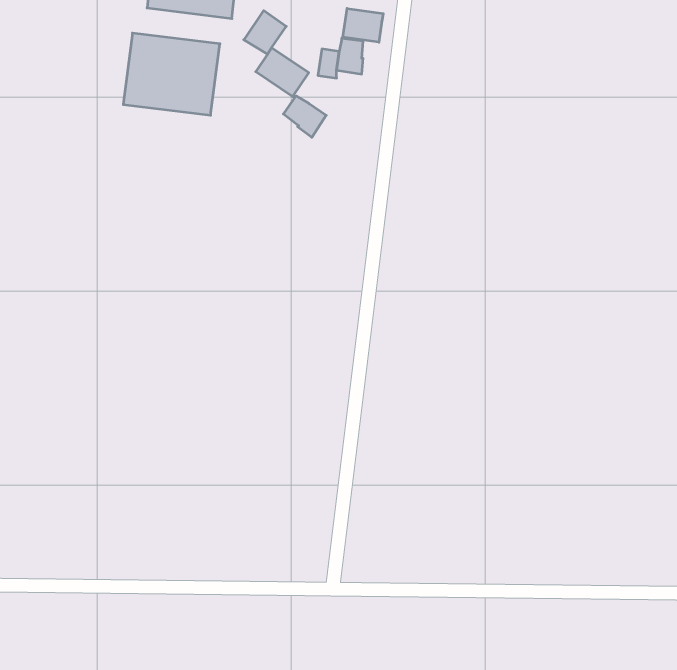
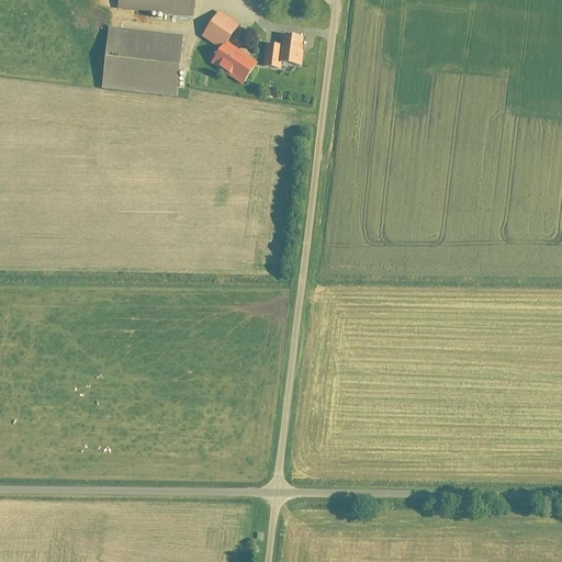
building: [343,8,383,42] -> none
building: [283,96,326,137] -> none

